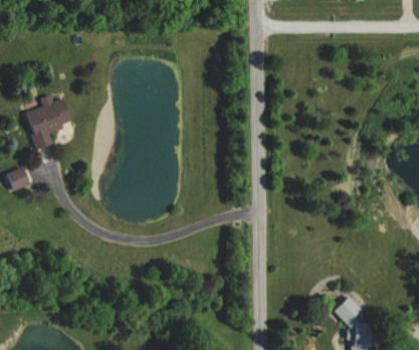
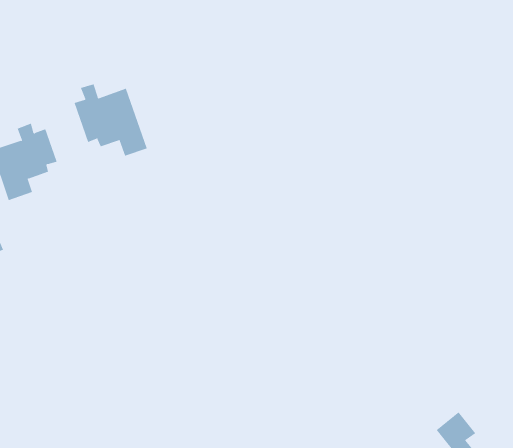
building: none -> [74,84,148,157]

